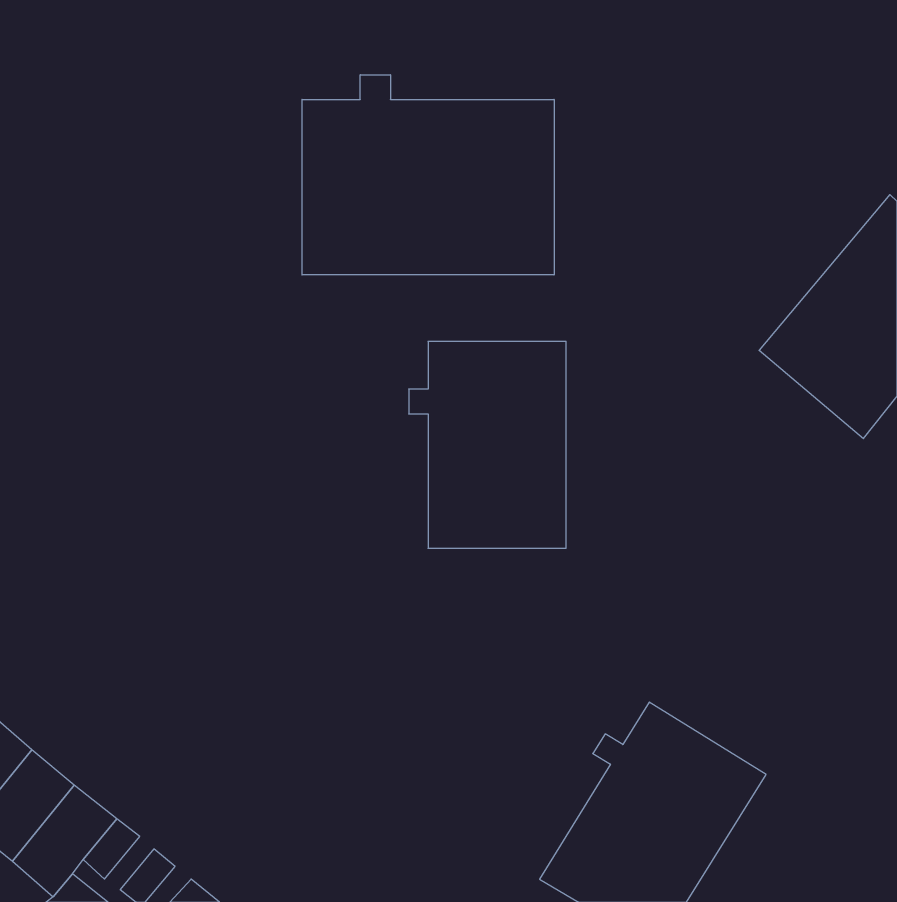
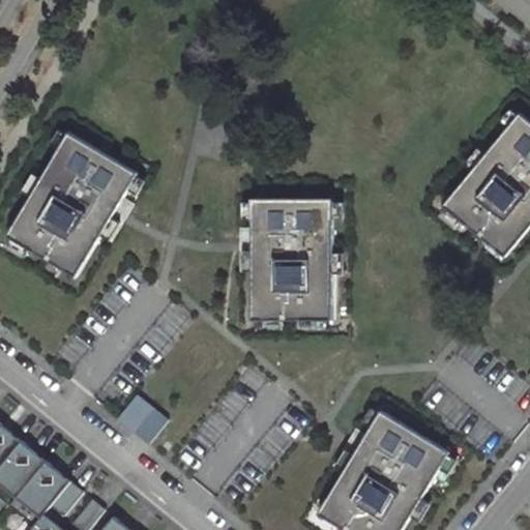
building: [302,75,554,275] -> none
building: none -> [5,131,137,277]
building: none -> [115,394,167,445]

